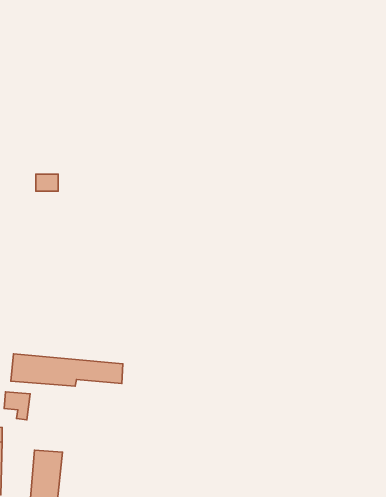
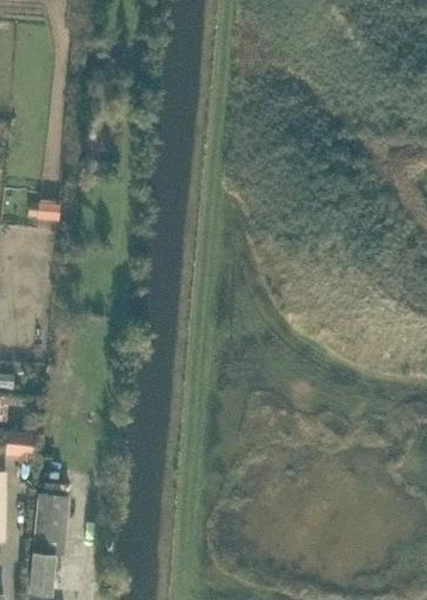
building: [11,354,123,386] -> none

